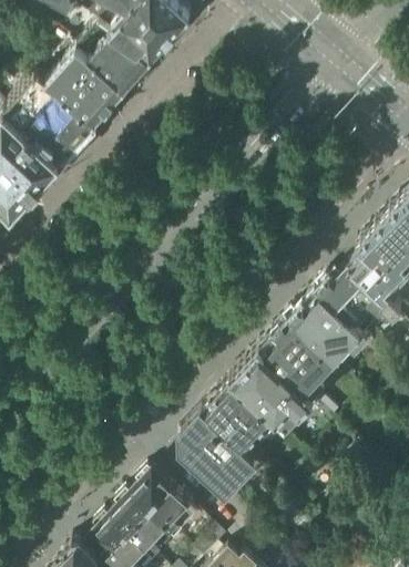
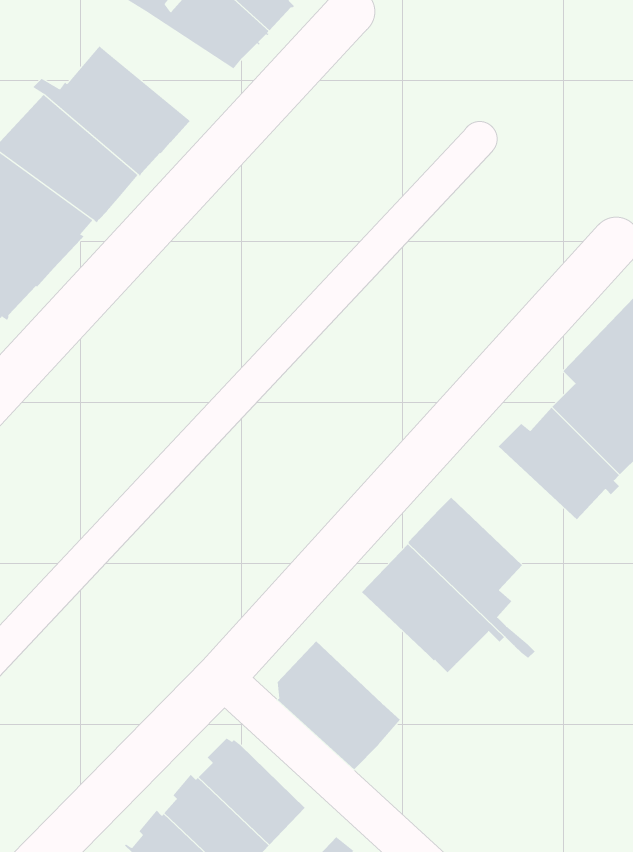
building: [73,28,151,94] -> none
building: [285,296,372,369] -> none
building: [202,385,270,454] -> none

